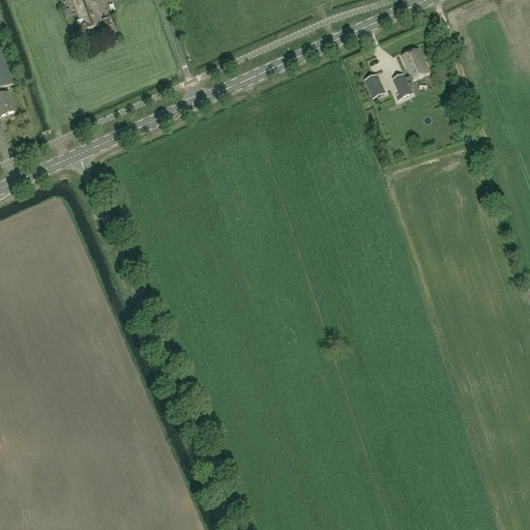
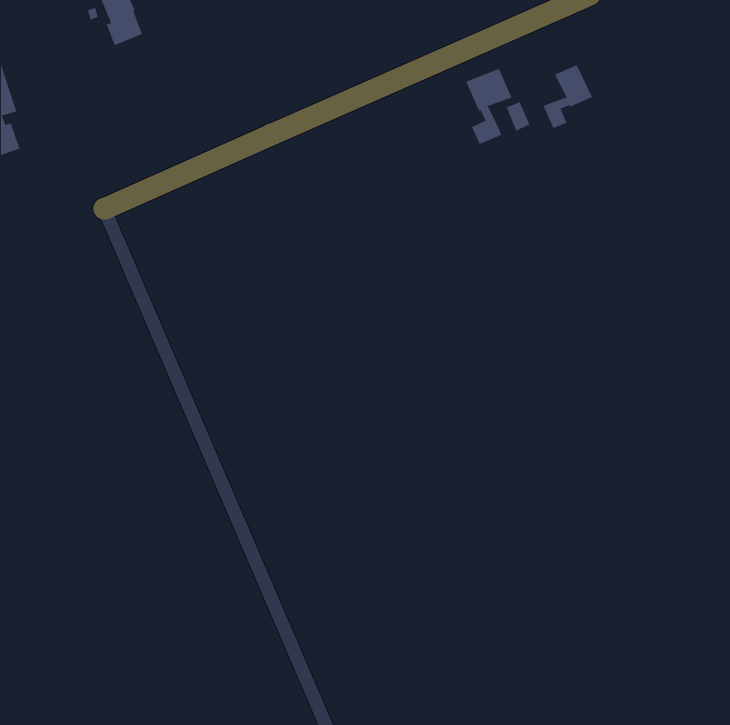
building: none -> [466,68,512,145]

